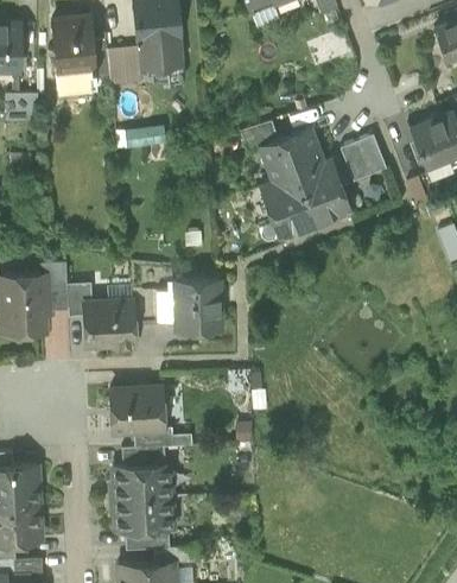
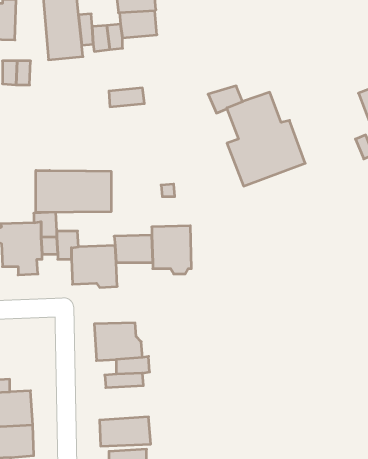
building: [341,133,387,179] -> none
building: none -> [36,170,111,212]
building: [114,465,172,500] -> none

